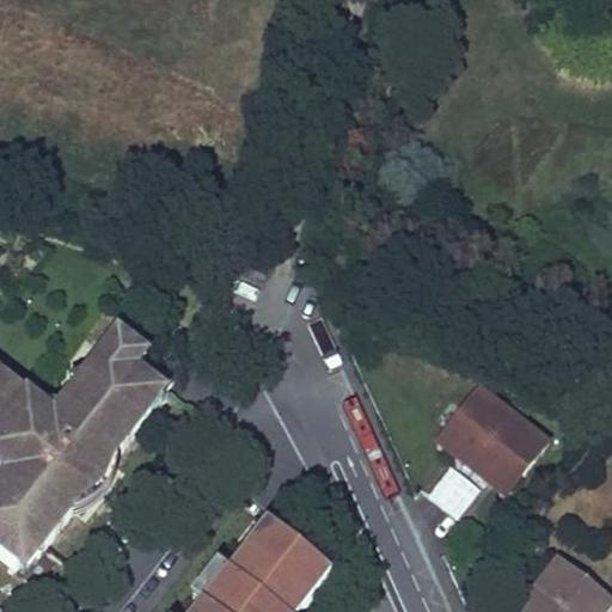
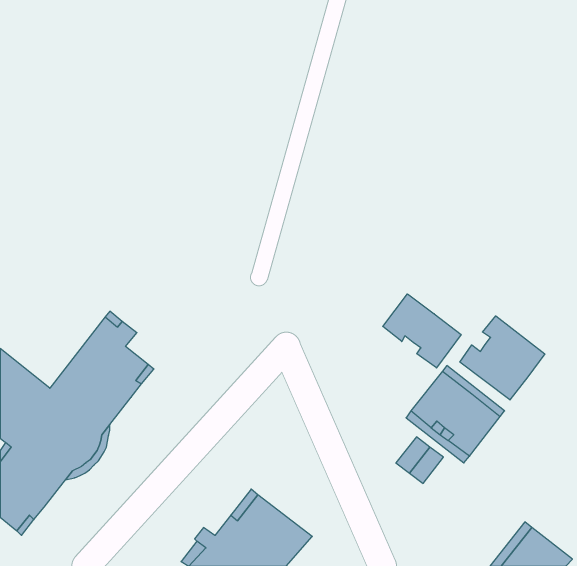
building: none -> [383,294,461,368]
building: none -> [460,316,545,400]

